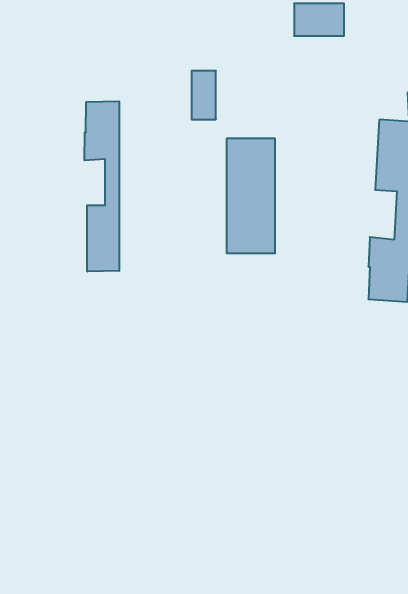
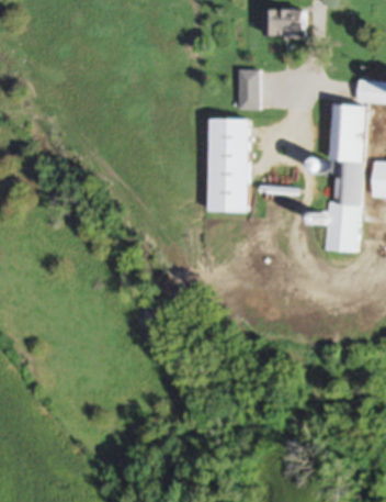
building: [192,71,216,119] -> [239,70,259,110]
building: [85,101,119,272] -> none

